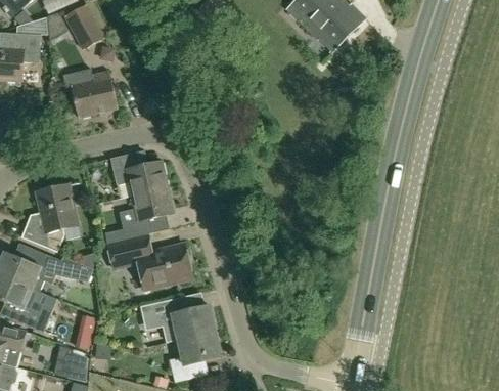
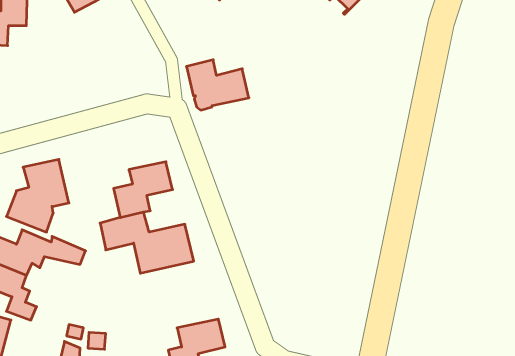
building: [62,68,118,117] -> none
building: [109,151,167,198] -> [186,60,249,110]
building: [140,296,215,342] -> none

